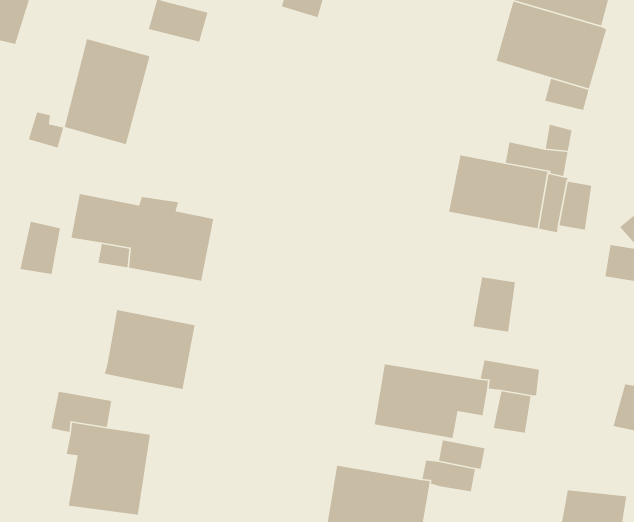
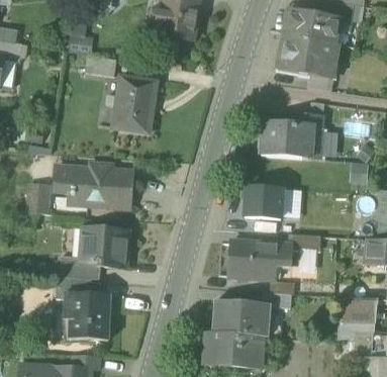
building: [64,38,151,145] -> [112,76,156,132]
building: none -> [245,185,282,219]
building: none -> [59,255,100,279]

